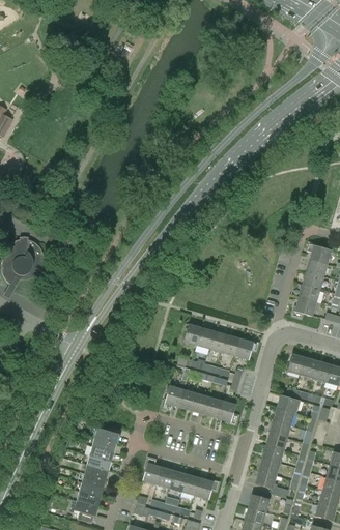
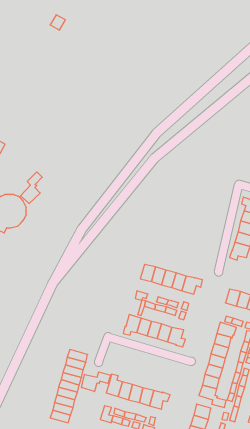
building: none -> [20,172,42,204]
building: none -> [82,372,110,392]

